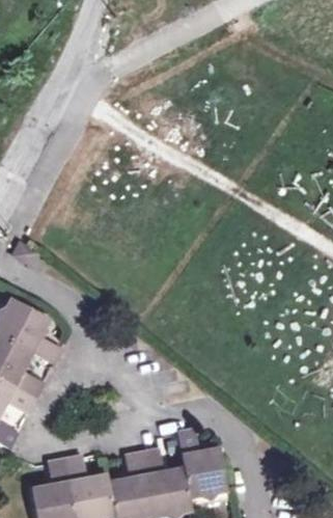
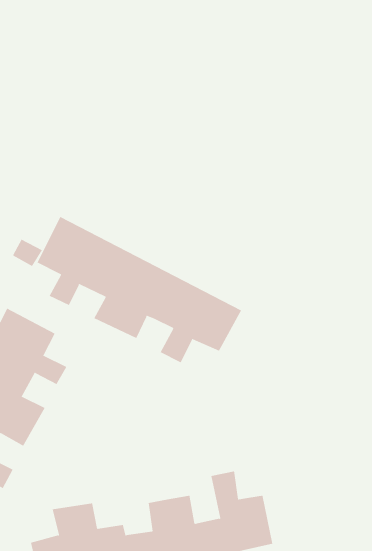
building: none -> [37,216,242,363]

